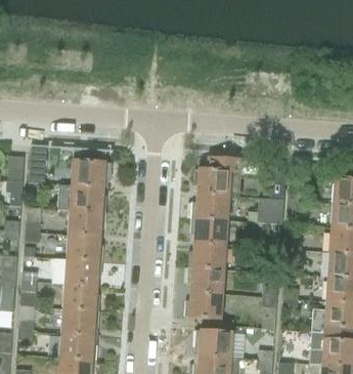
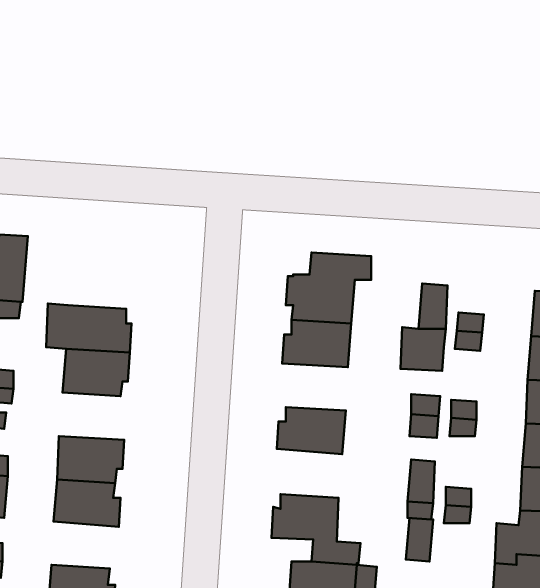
building: [71,148,113,189] -> none
building: [190,219,228,246] -> none
building: [65,236,103,262] -> none
building: [187,267,225,295] -> none
building: [61,308,99,335] -> none

